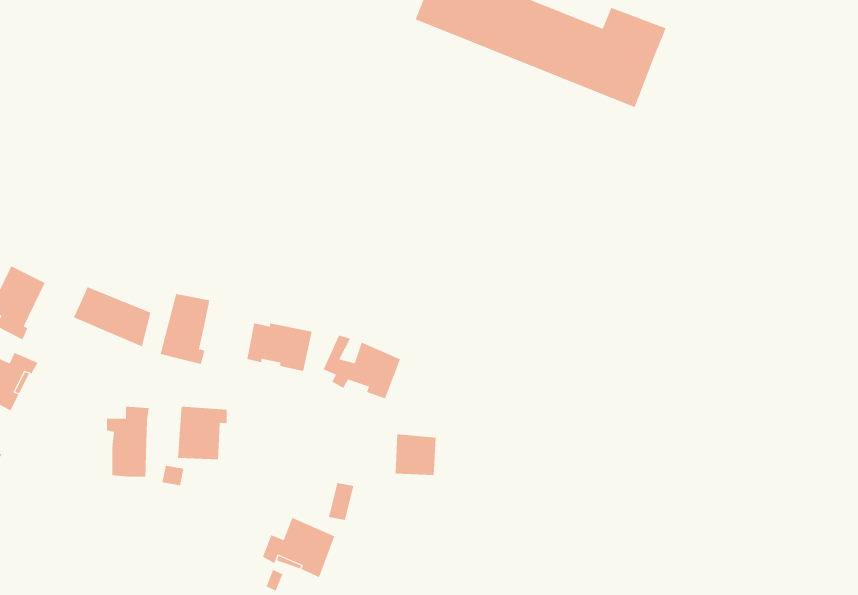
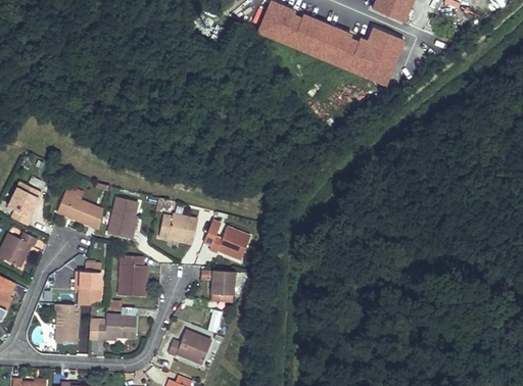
building: [395,434,436,476] -> [210,270,235,294]
building: none -> [55,303,79,343]
building: none -> [97,315,136,338]

